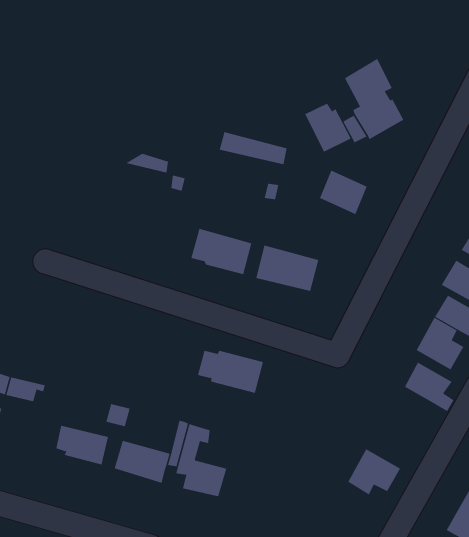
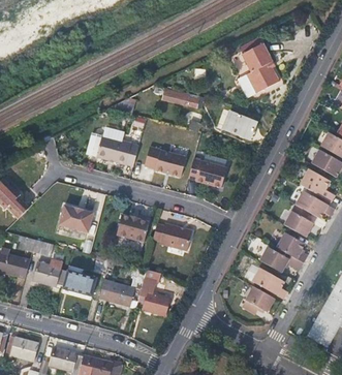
building: [304,103,352,153] -> none
building: none -> [96,136,137,166]
building: none -> [59,206,92,232]
building: none -> [115,216,147,242]
building: none -> [262,246,306,272]
building: none -> [33,260,66,286]
building: none -> [254,268,289,299]

